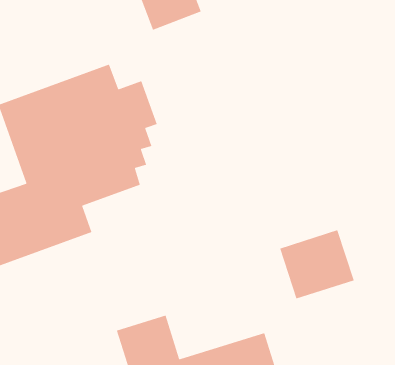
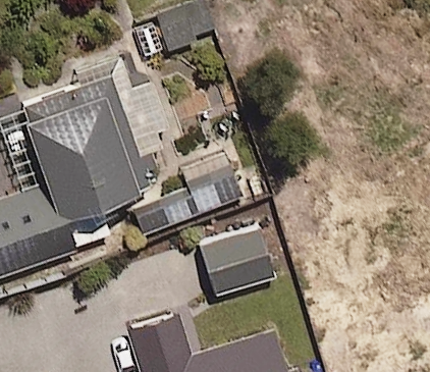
building: none -> [132,156,247,240]
building: [279,229,355,300] -> [197,219,270,287]

